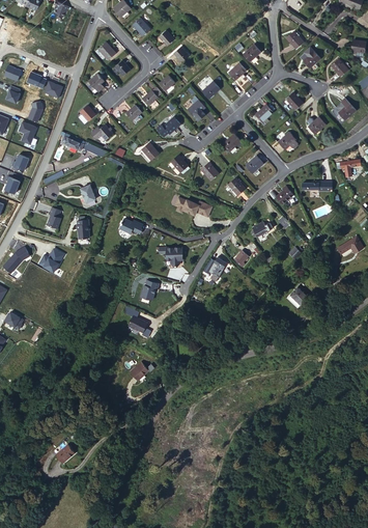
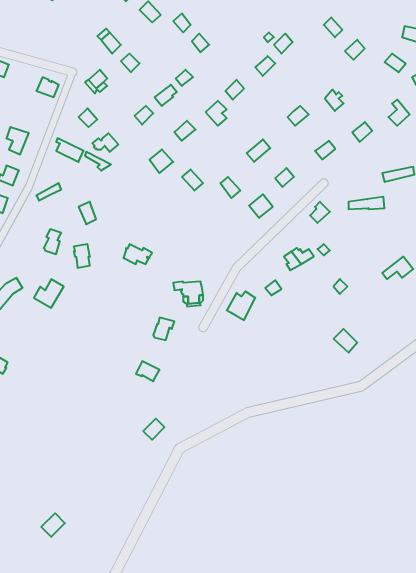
building: [175,197,213,217] -> none

